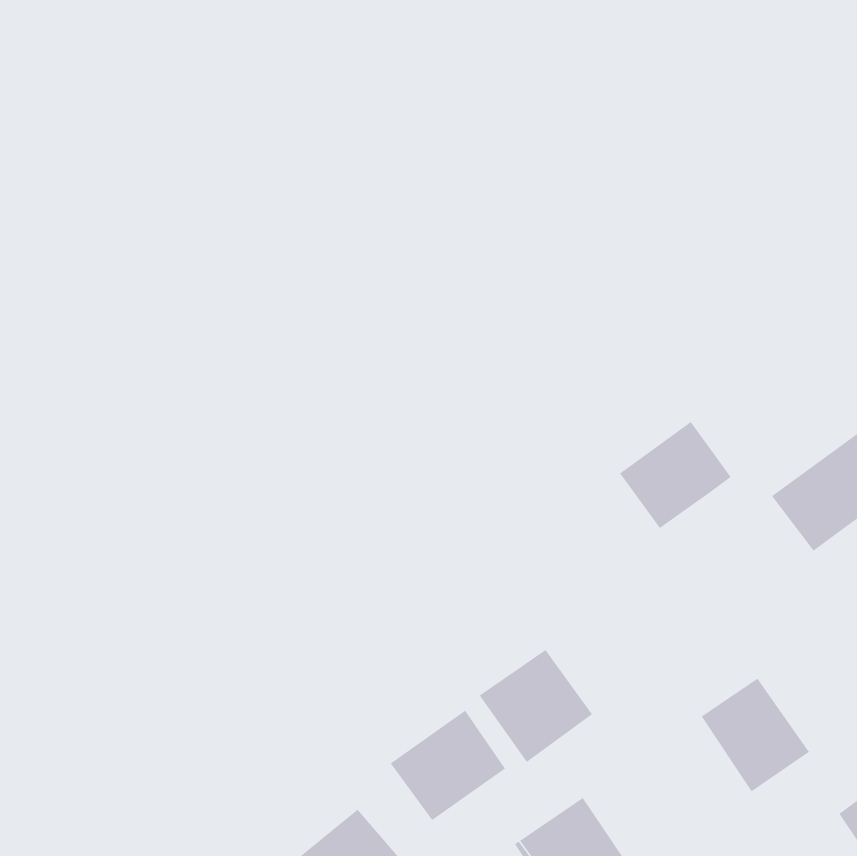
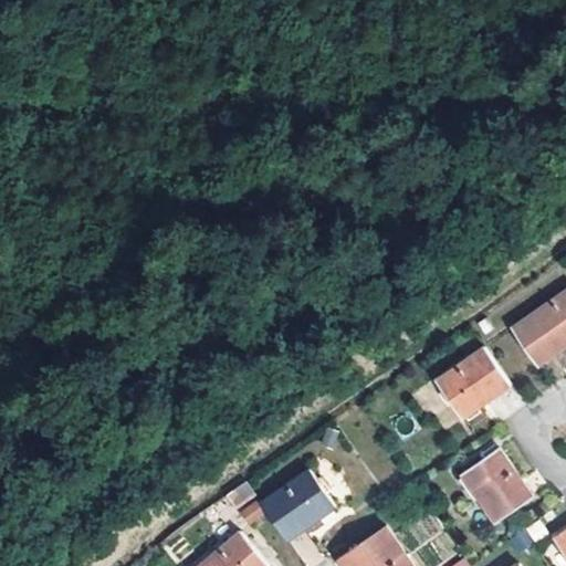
building: [619,421,732,529] -> [434,348,509,419]
building: [479,649,593,763] -> none

